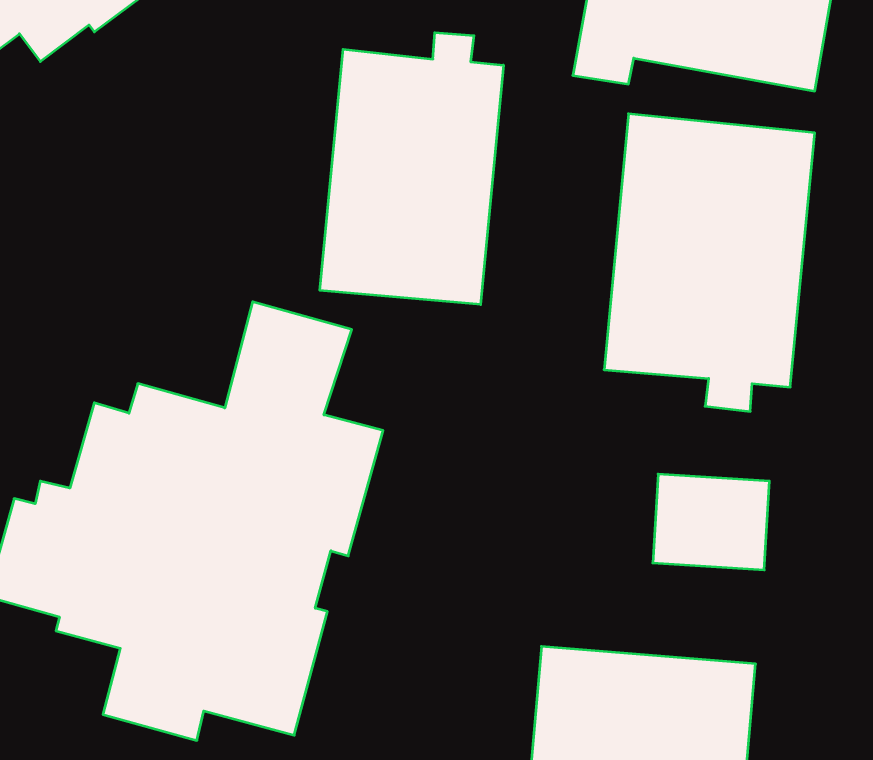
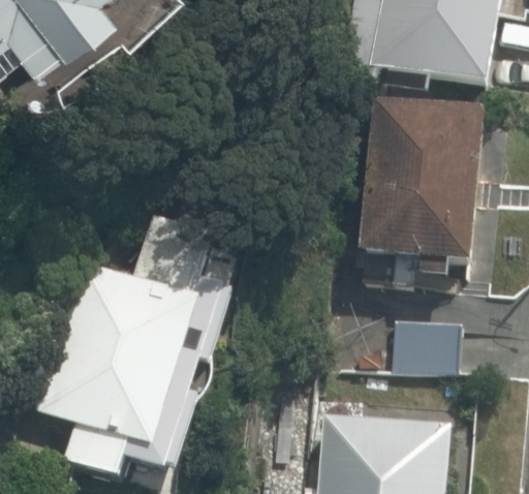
building: [320,33,503,305] -> none

